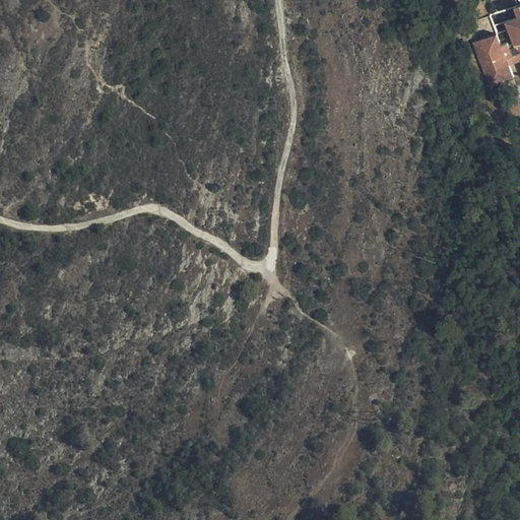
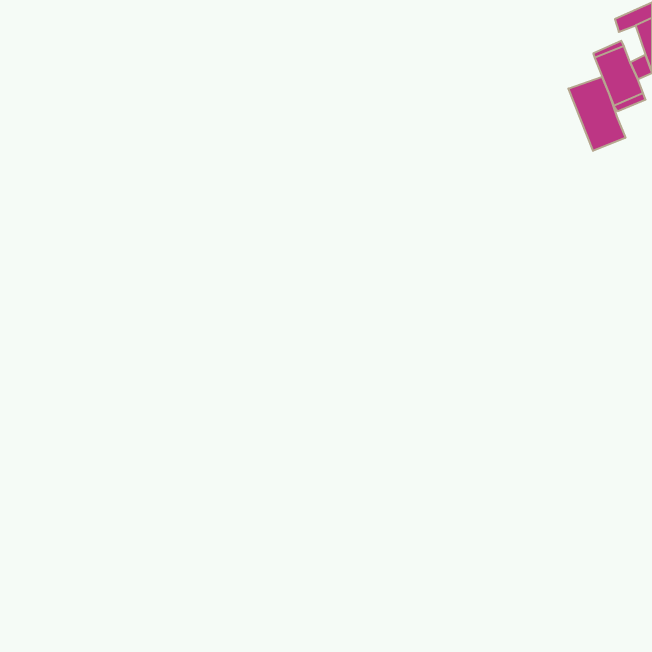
building: none -> [568,77,625,151]

